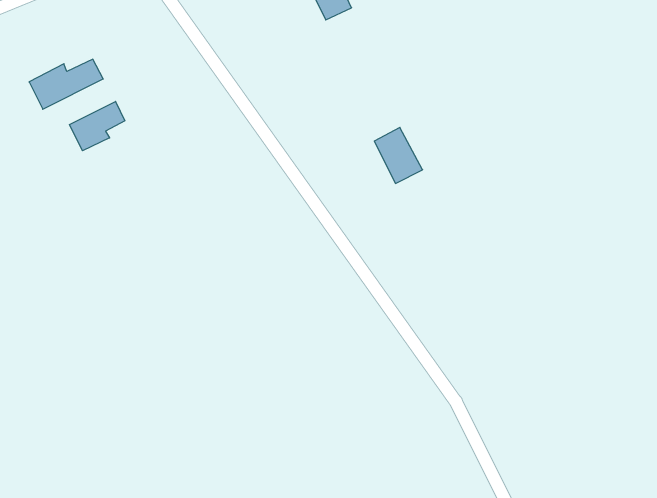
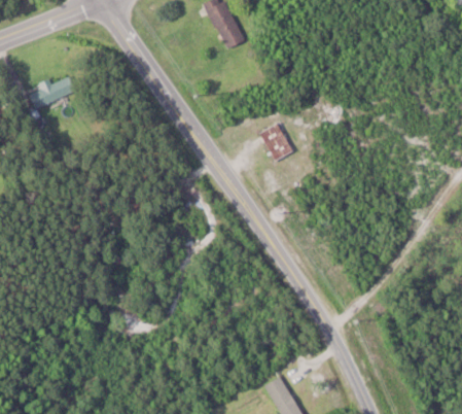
building: [69,101,125,151] -> none

